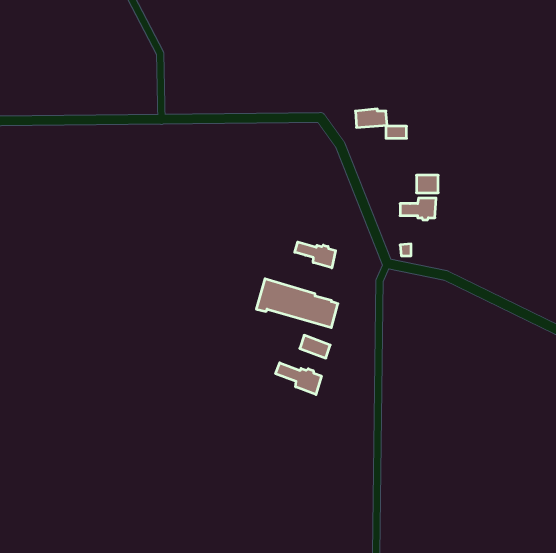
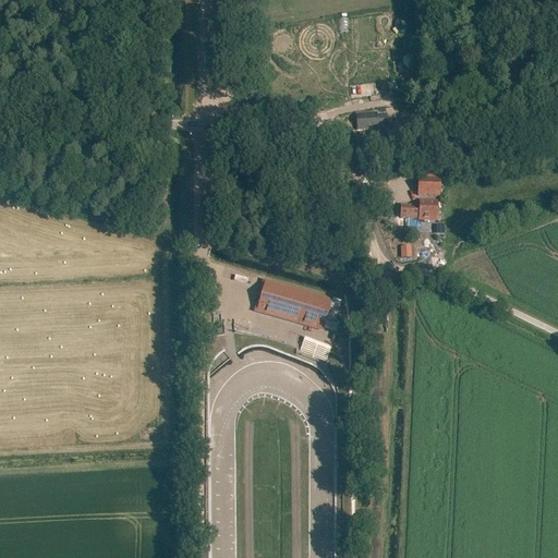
building: [295,242,336,268] -> none
building: [276,363,321,395] -> none

